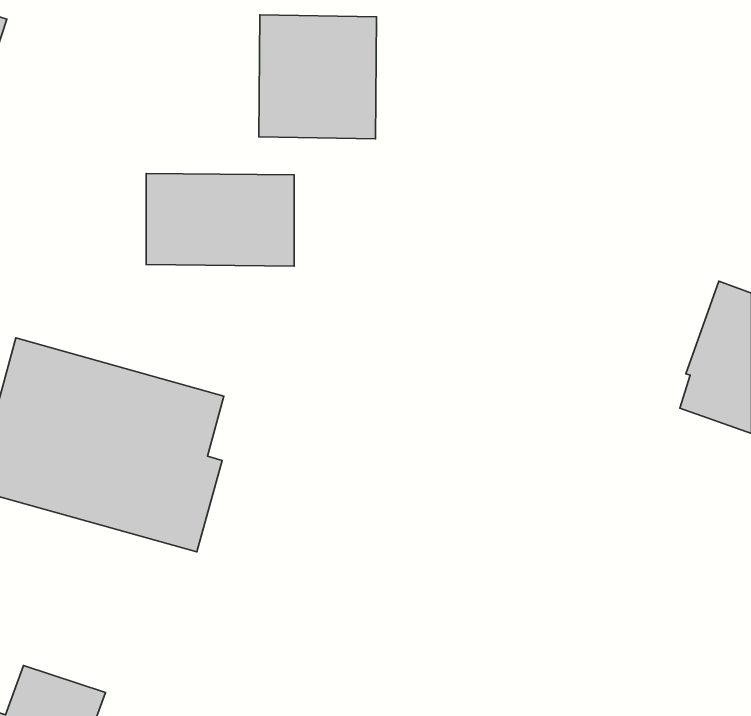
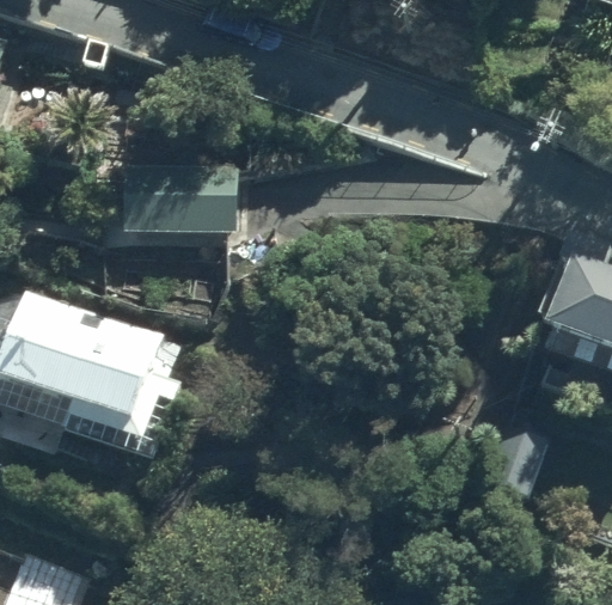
building: [259,15,377,139] -> none

